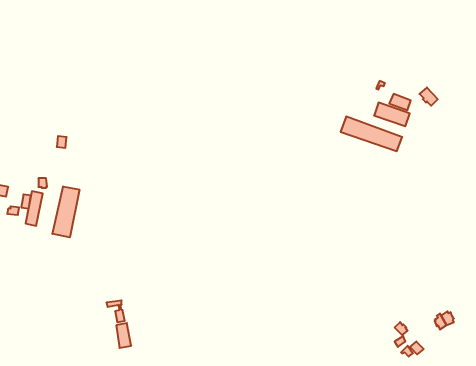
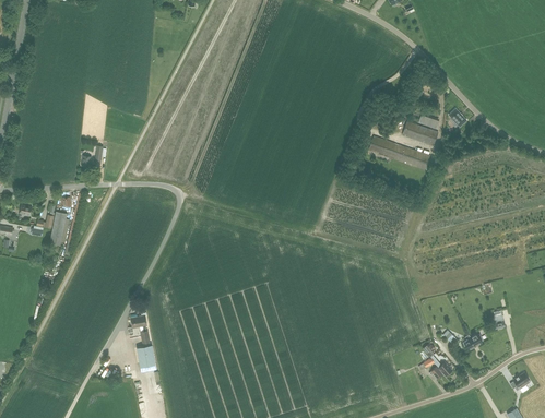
building: [52,186,79,237] -> none

